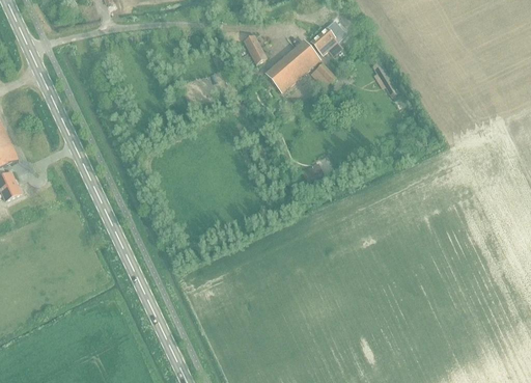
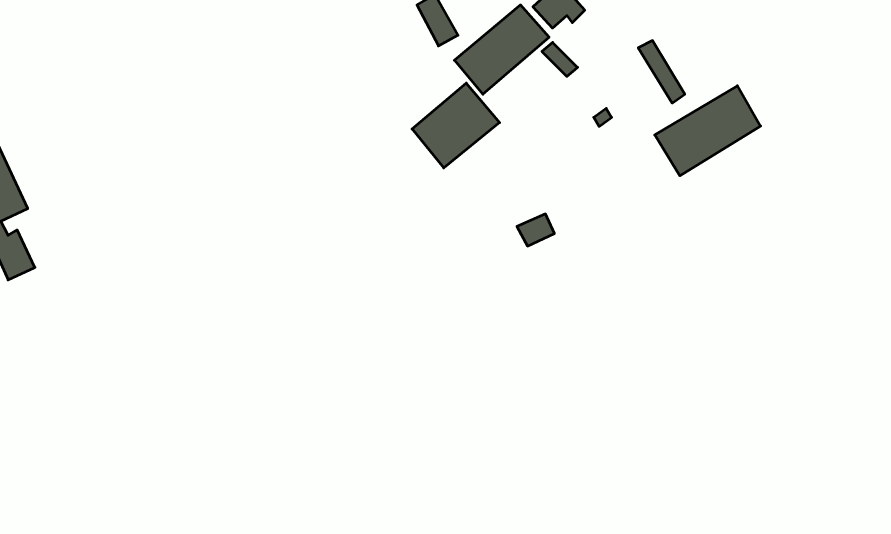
building: none -> [412,83,500,168]
building: none -> [655,86,761,176]

